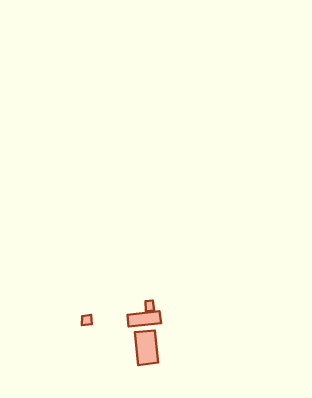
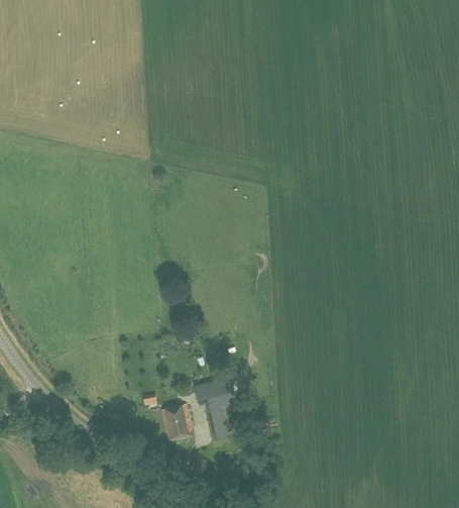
building: none -> [161,404,194,441]

